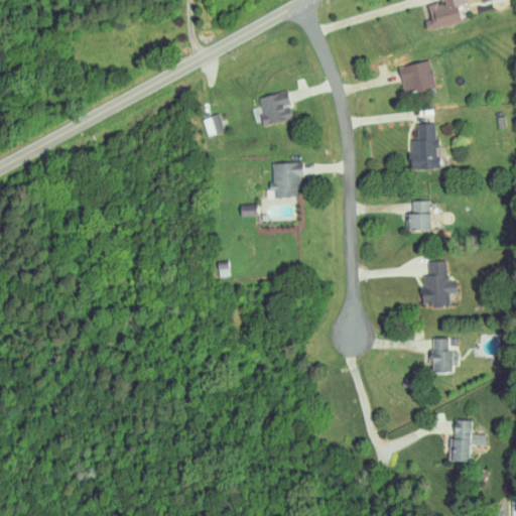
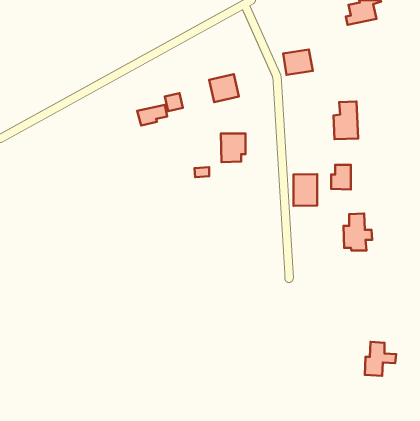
building: [399,61,435,93] -> [283,49,313,75]
building: none -> [137,105,167,125]
building: none -> [294,174,317,206]
building: [431,337,456,371] -> none

